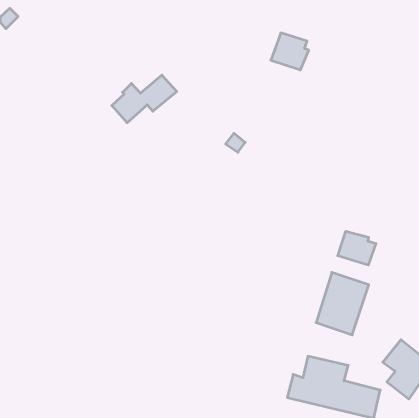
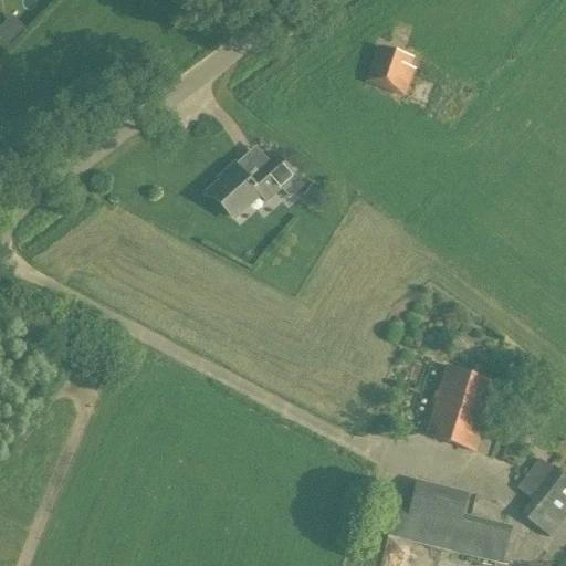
building: [112,75,177,123] -> [211,153,298,217]
building: [338,231,376,265] -> none

